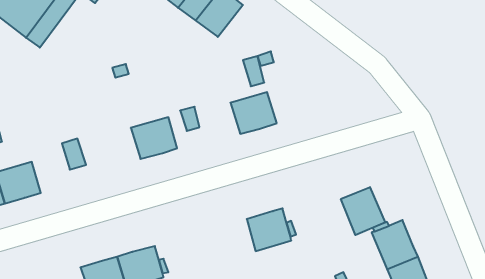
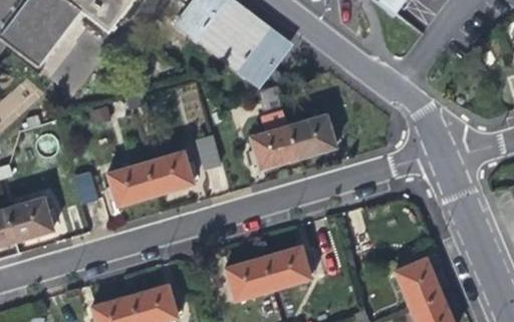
building: none -> [235,34,283,85]
building: none -> [286,113,334,156]
building: none -> [104,162,155,205]
building: [341,187,385,235] -> none
building: none -> [226,256,274,300]

